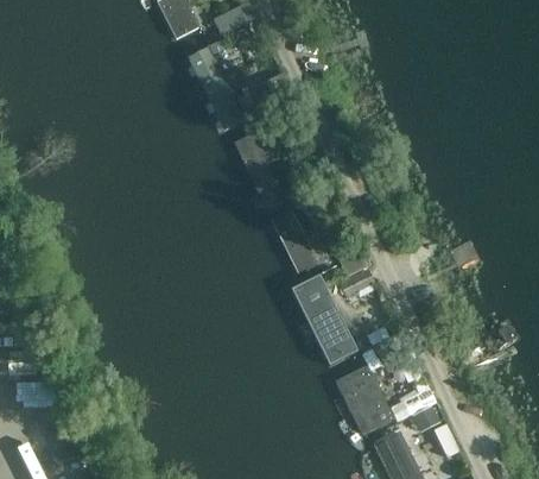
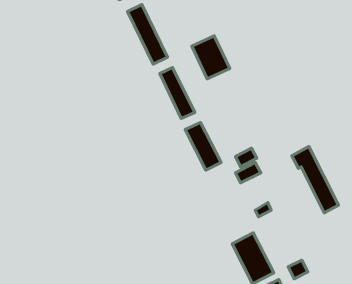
building: none -> [192,36,230,79]
building: [296,273,361,366] -> [292,147,339,213]

